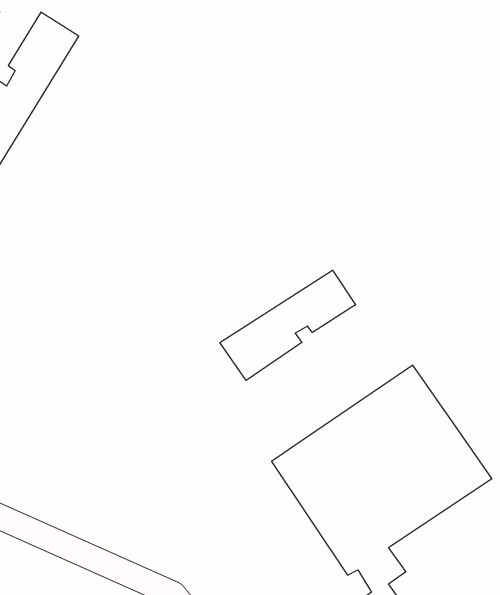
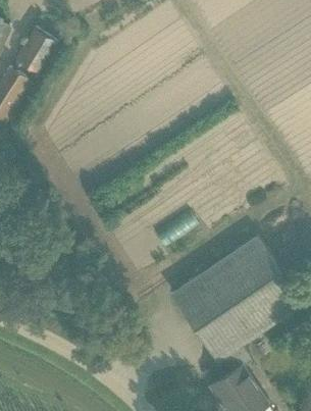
building: [220,270,356,380] -> none

